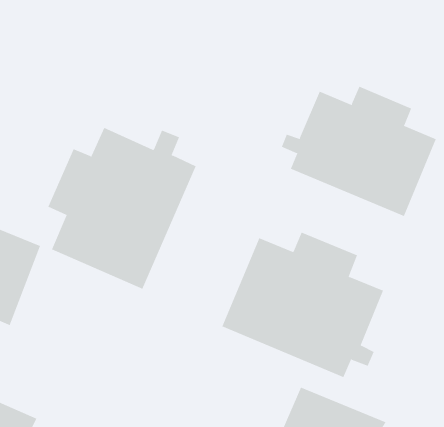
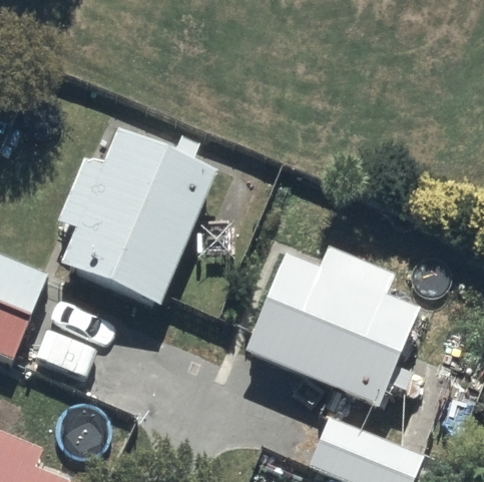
building: [281,86,436,217] -> none

